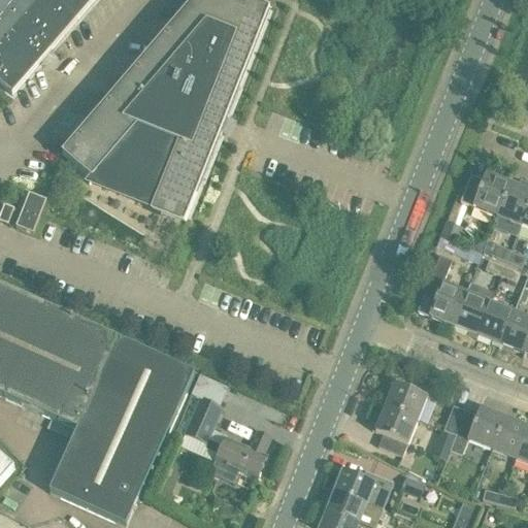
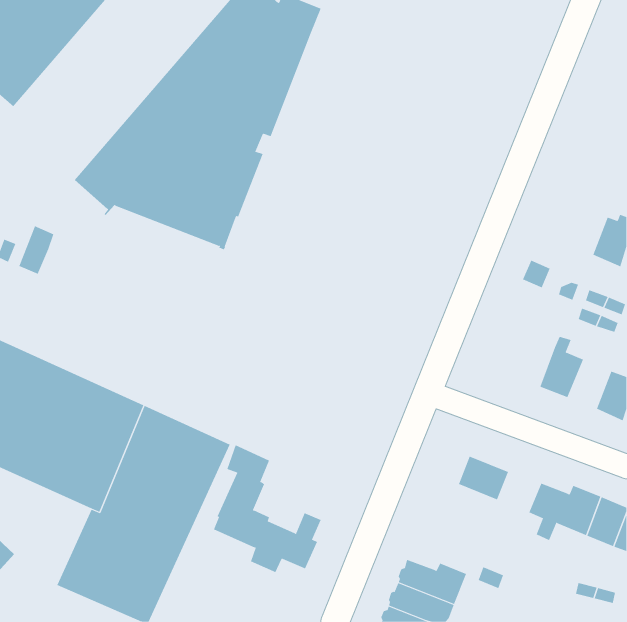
building: [459,172,508,213] -> none
building: [415,253,464,324] -> none
building: [475,301,512,342] -> none
building: [374,405,417,455] -> none

